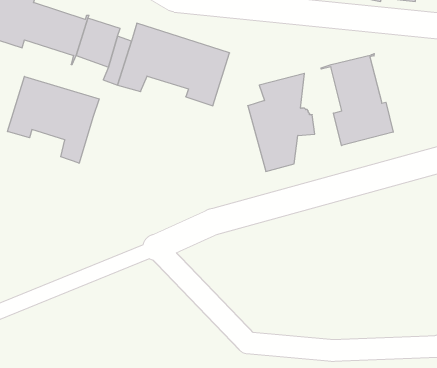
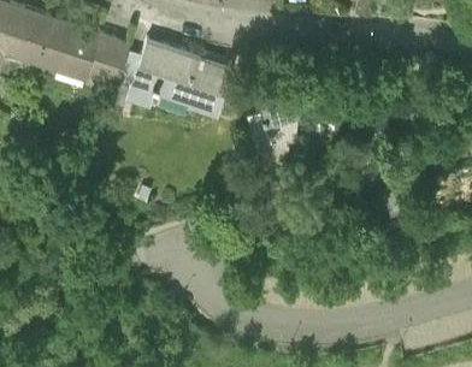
building: [321,54,393,146] -> none
building: [8,76,99,163] -> none

